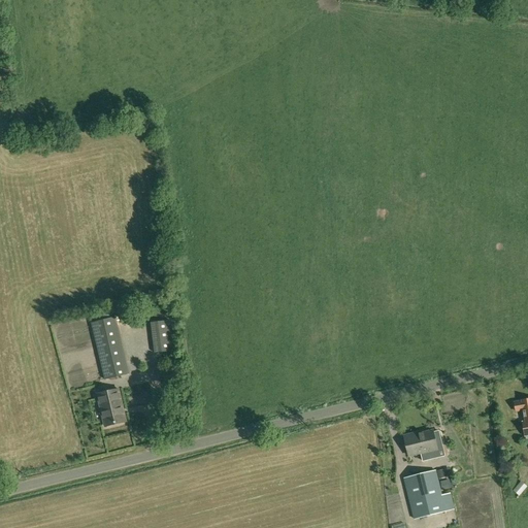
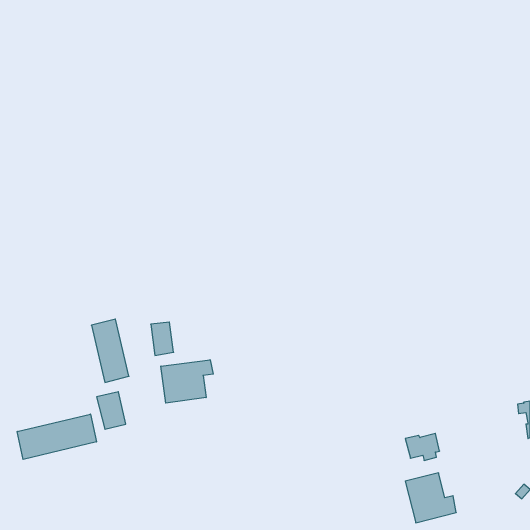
building: none -> [161,360,213,403]
building: none -> [17,414,96,459]

